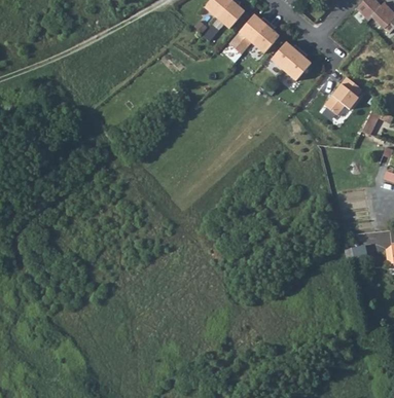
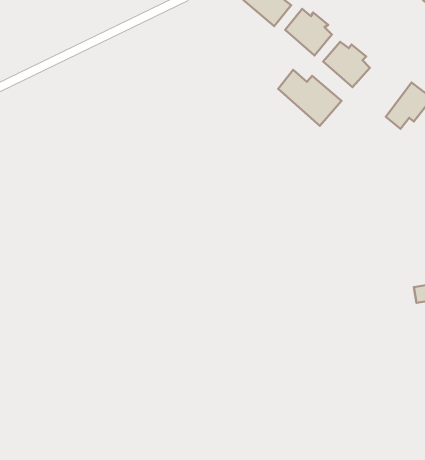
building: none -> [278,70,342,126]

